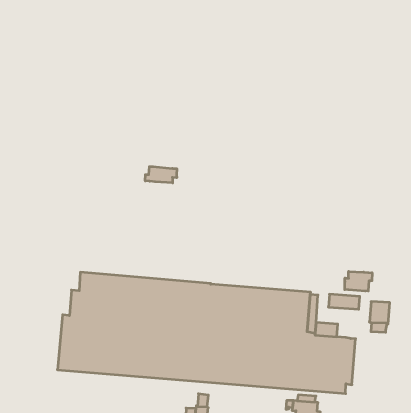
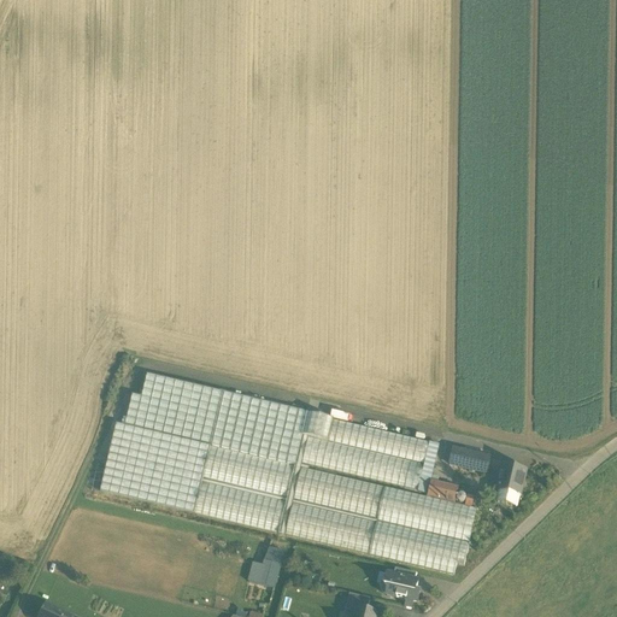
building: [145,167,177,183] -> none
building: [345,271,372,291] -> none

